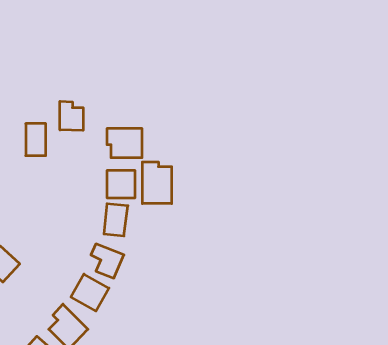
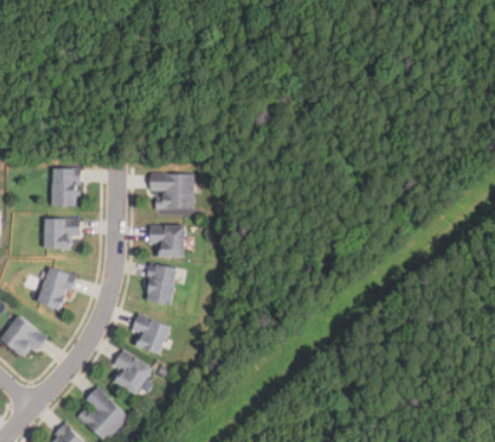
building: [60,101,83,130] -> none
building: [142,162,172,204] -> none
building: none -> [44,218,80,249]
building: none -> [36,268,74,311]

